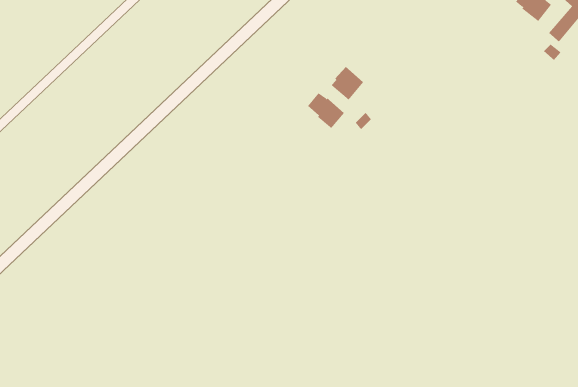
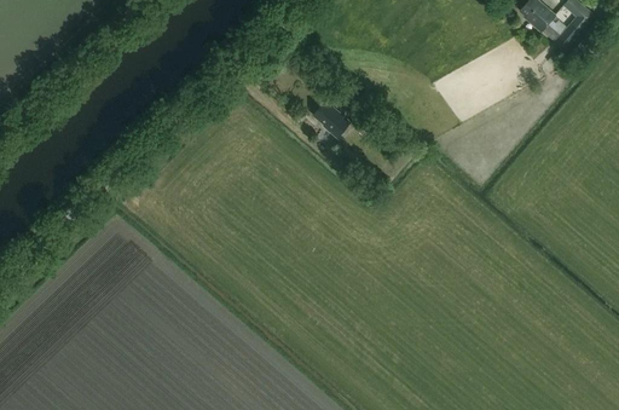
building: [331,66,364,100] -> none

